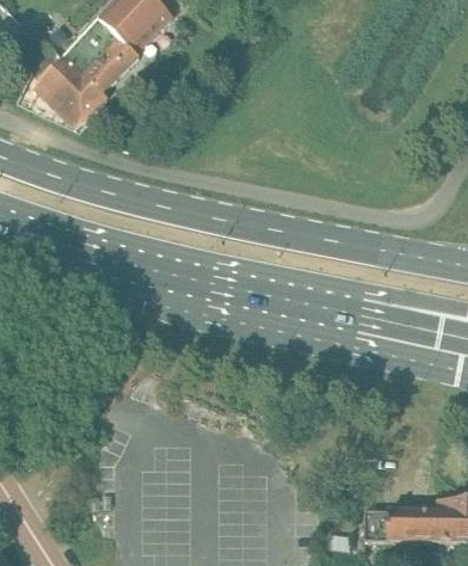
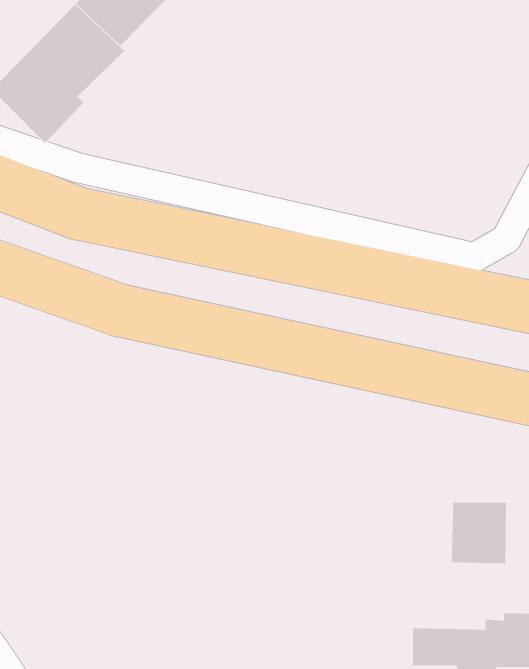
building: none -> [451,502,507,564]

